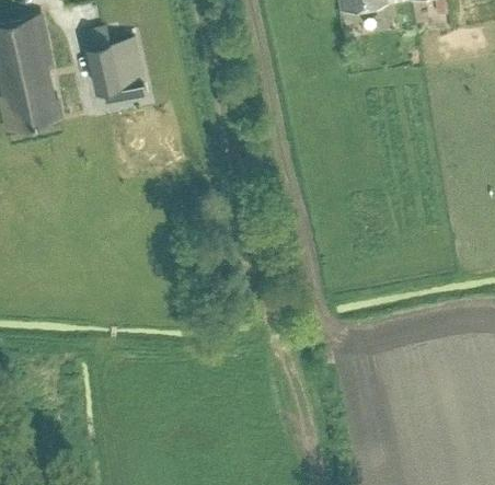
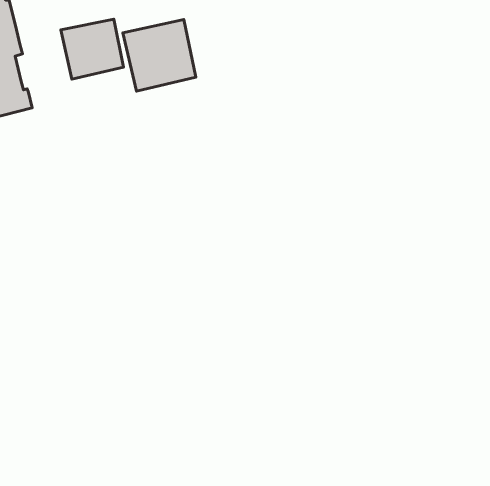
building: none -> [123,19,196,91]

